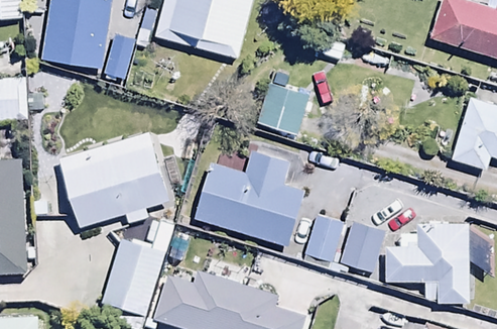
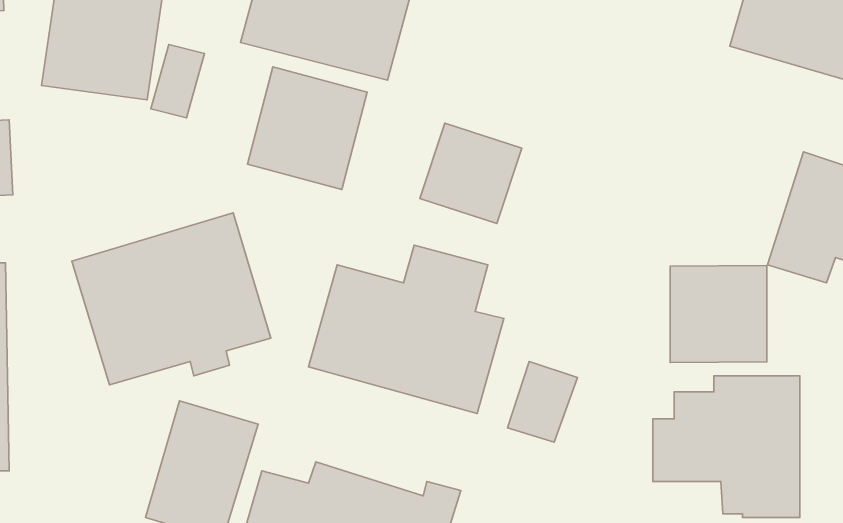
building: none -> [247,67,367,189]
building: none -> [670,266,767,362]
building: [339,222,385,273] -> none

